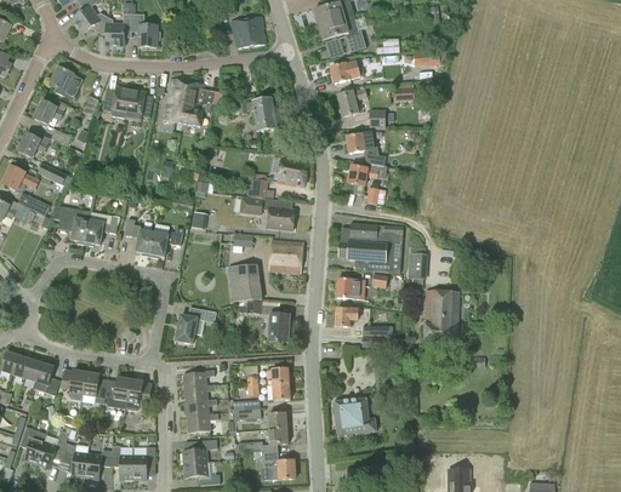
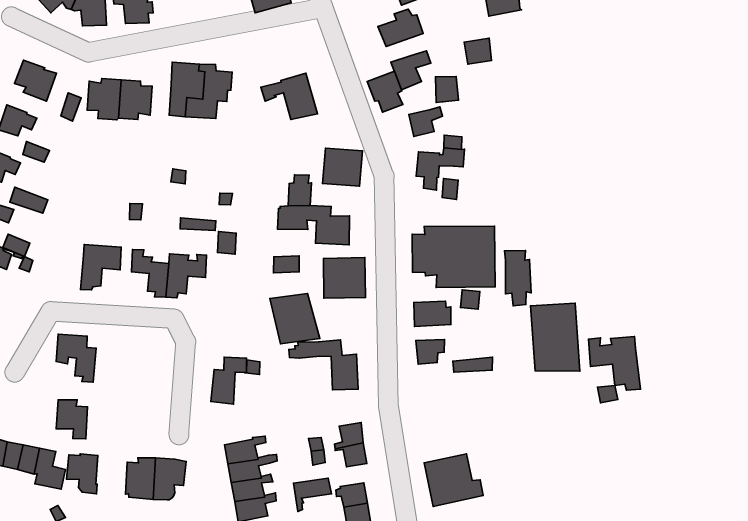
building: none -> [367,71,403,112]
building: [57,206,89,245] -> [56,334,96,382]
building: none -> [589,336,640,390]
building: [81,372,107,404] -> [56,400,87,439]

